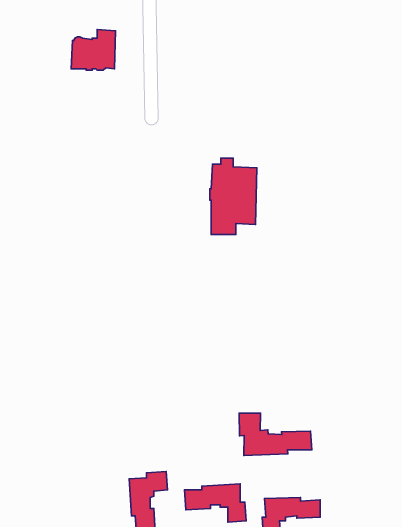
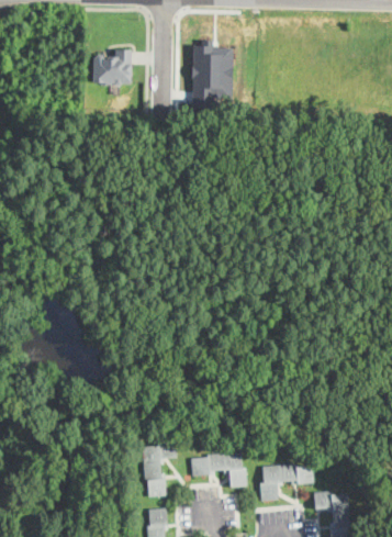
building: [210,158,257,234] -> [191,38,233,107]
building: [239,413,312,455] -> none

